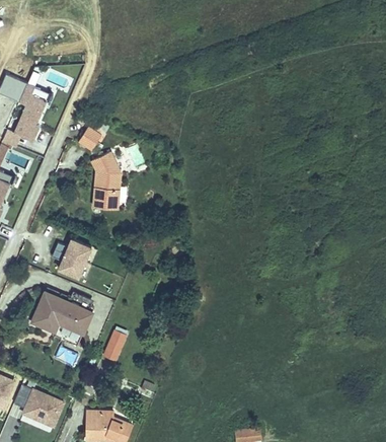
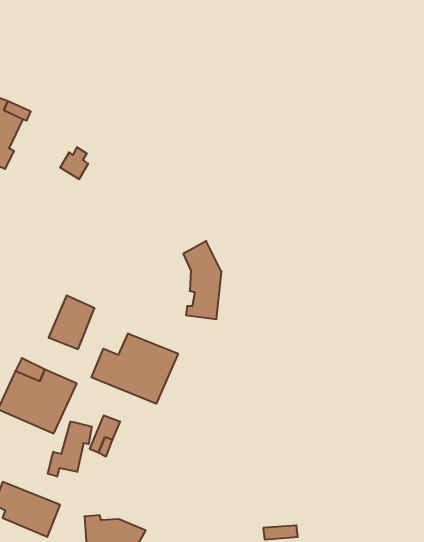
building: [88,148,119,210] -> [183,241,222,319]
building: none -> [91,333,178,404]
building: none -> [48,422,92,477]

